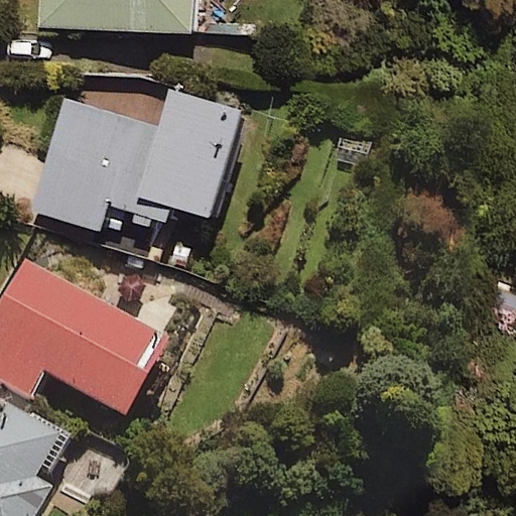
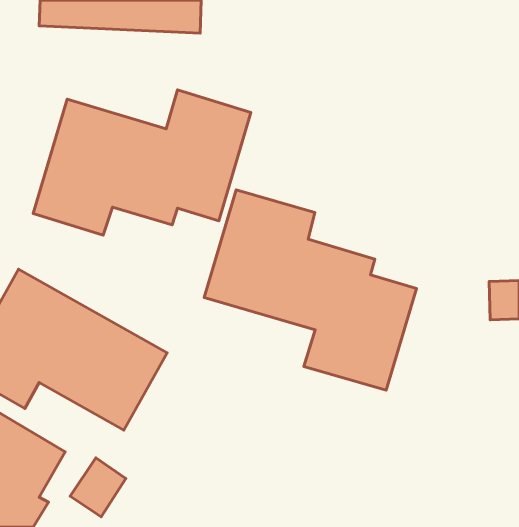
building: none -> [204,190,417,390]

